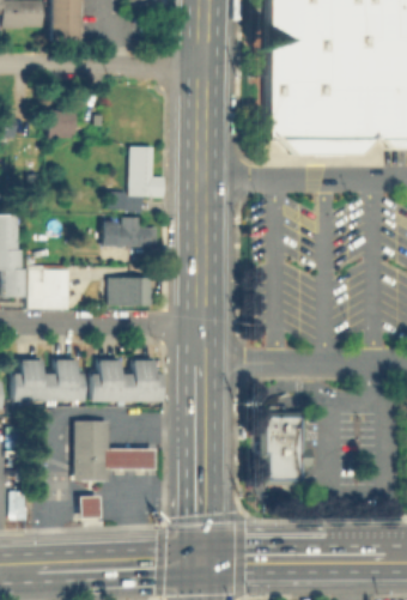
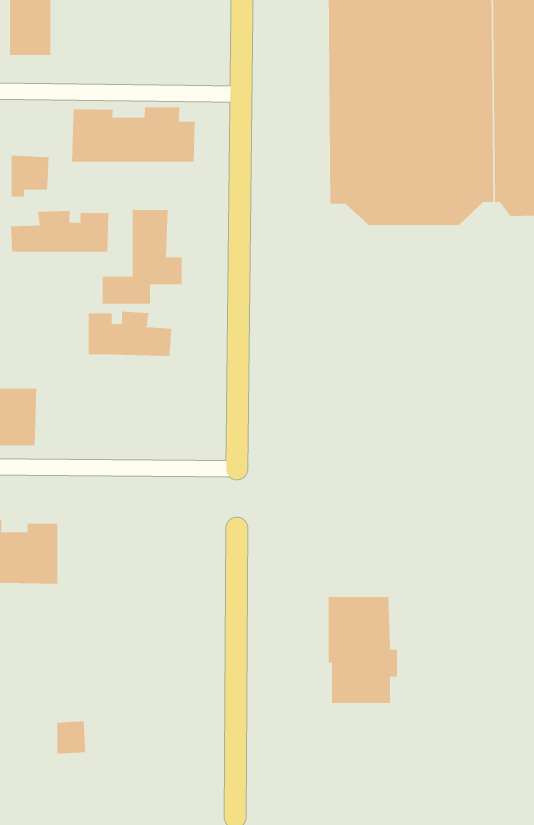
building: none -> [72,106,195,162]
building: none -> [10,210,109,253]
building: [104,275,147,304] -> none
building: [92,359,165,400] -> none
building: [73,420,153,480] -> none

